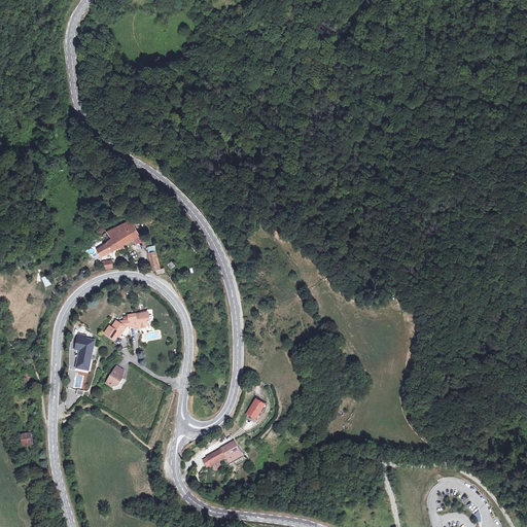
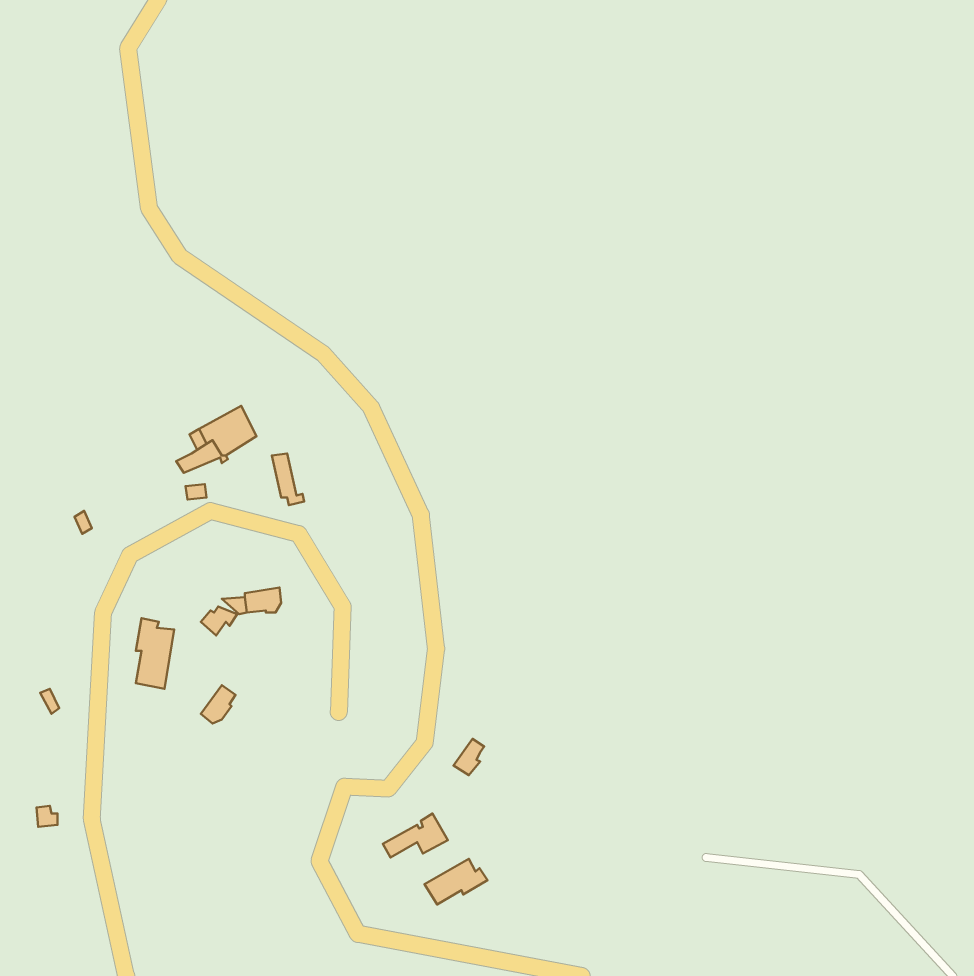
building: none -> [425,859,487,905]

